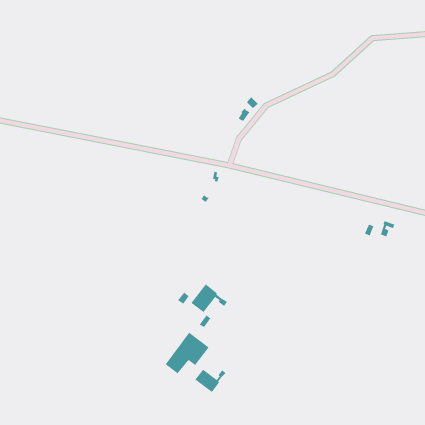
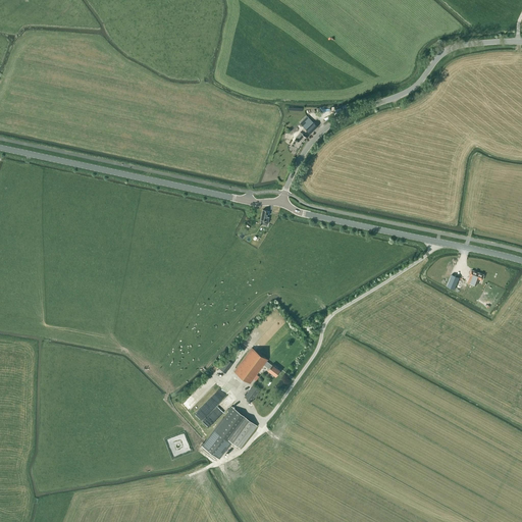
building: [194,369,226,393] -> none

